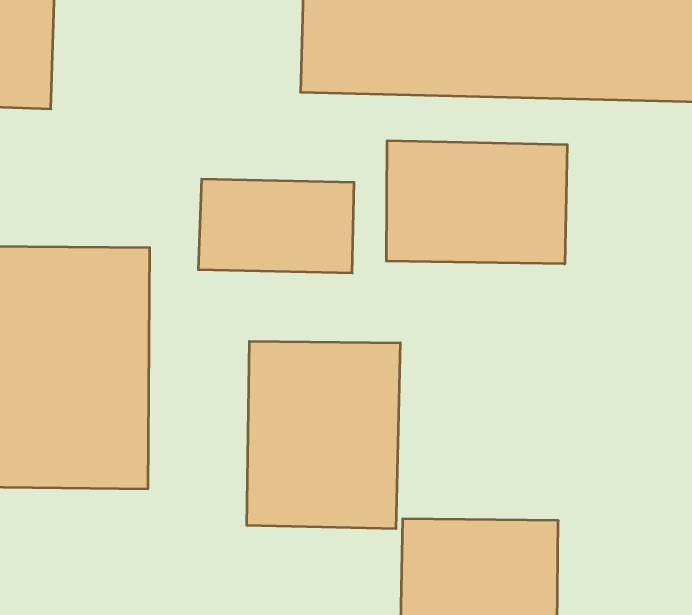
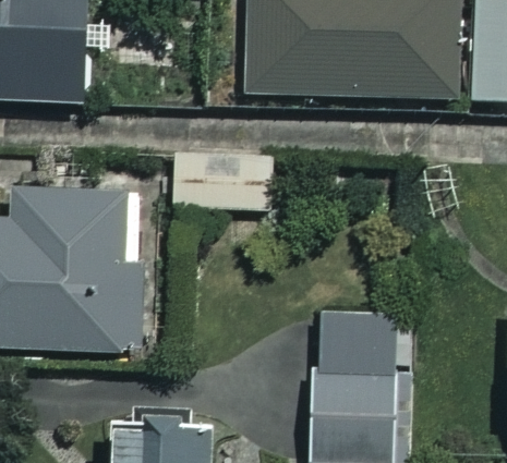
building: [386,141,567,264] -> none
building: [247,341,400,529] -> none

